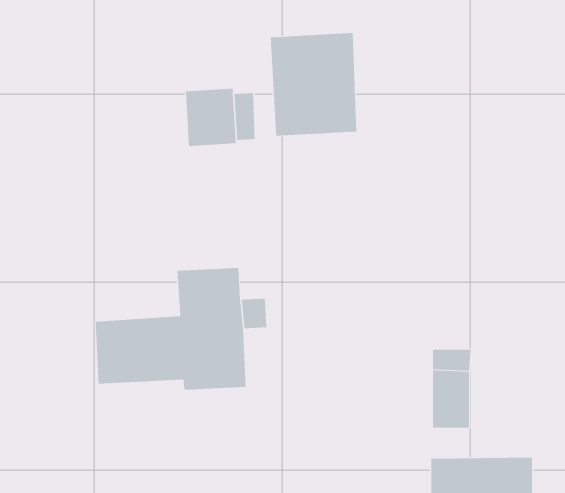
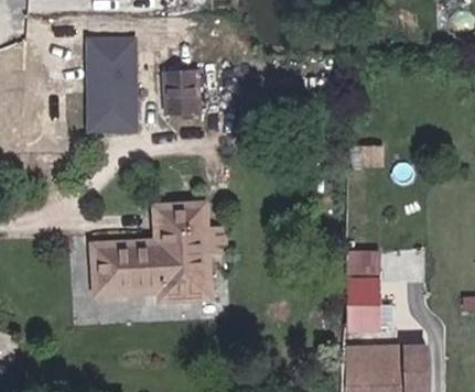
building: [270,32,357,137] -> none
building: none -> [88,39,134,130]

